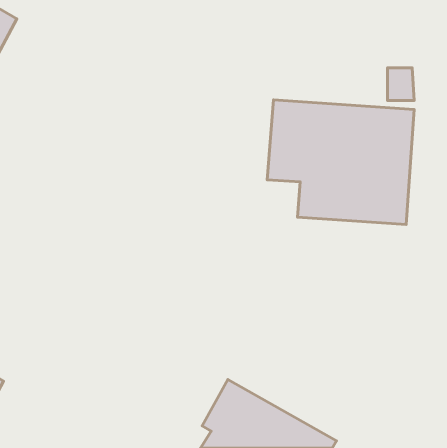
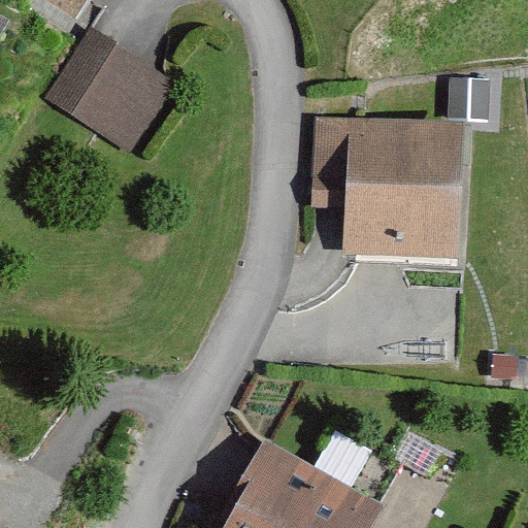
building: none -> [41,31,167,152]

